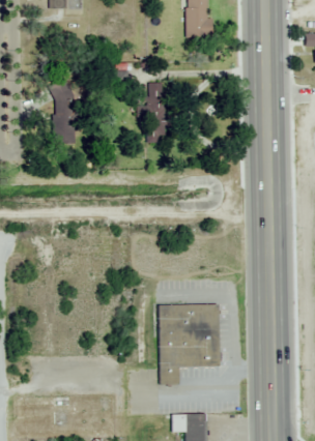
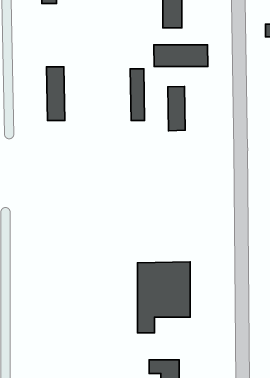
building: none -> [154,45,208,66]
building: none -> [168,86,185,131]

